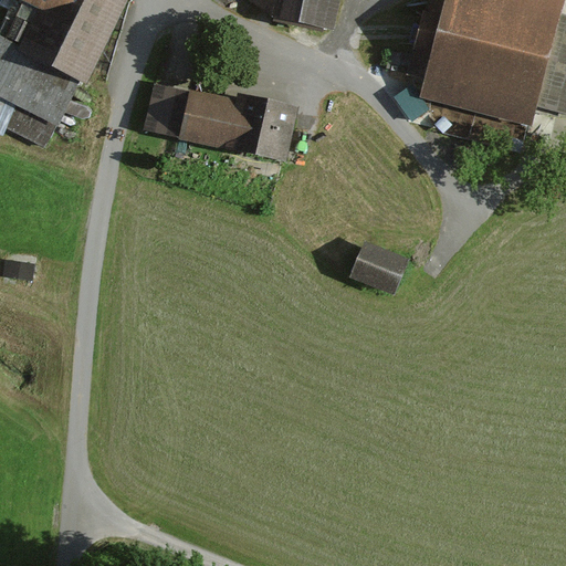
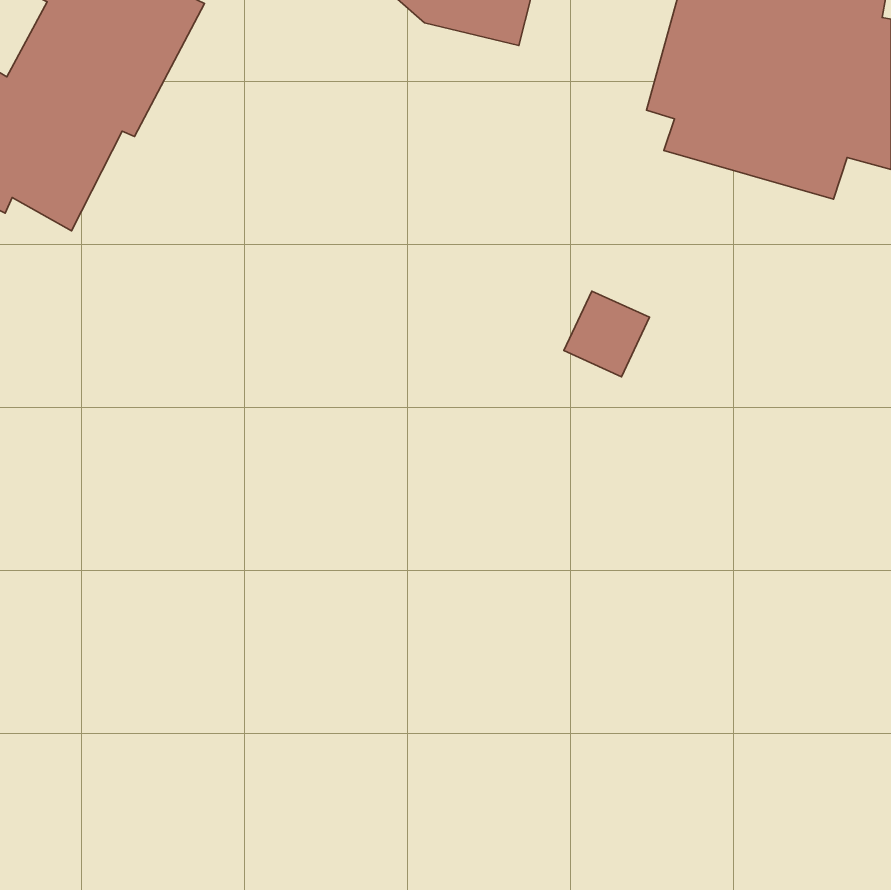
building: [139,78,298,163] -> none
building: [352,241,406,295] -> [564,291,650,377]

